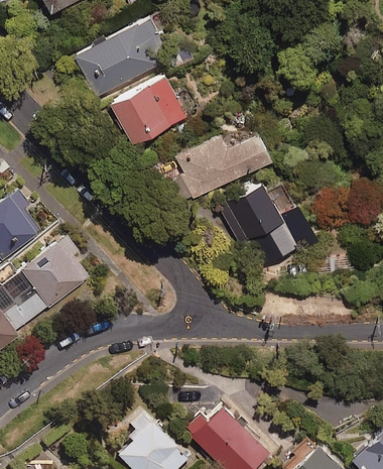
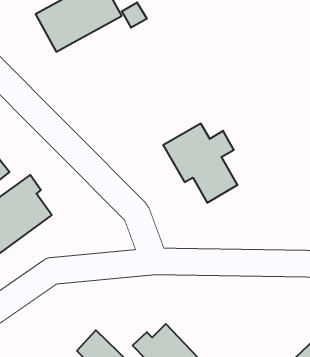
building: [110,73,186,145] -> none
building: [170,128,268,206] -> none

